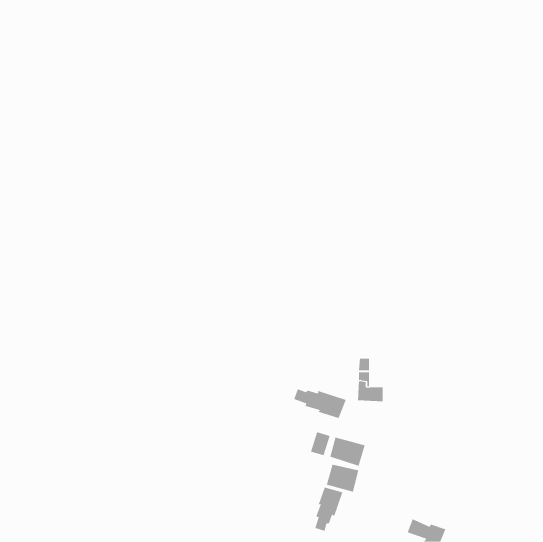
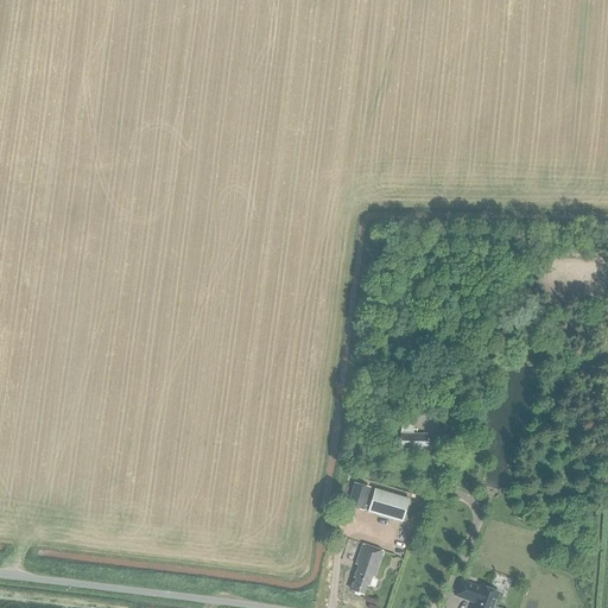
building: [293,388,347,419] -> none
building: [326,464,359,492] -> none

